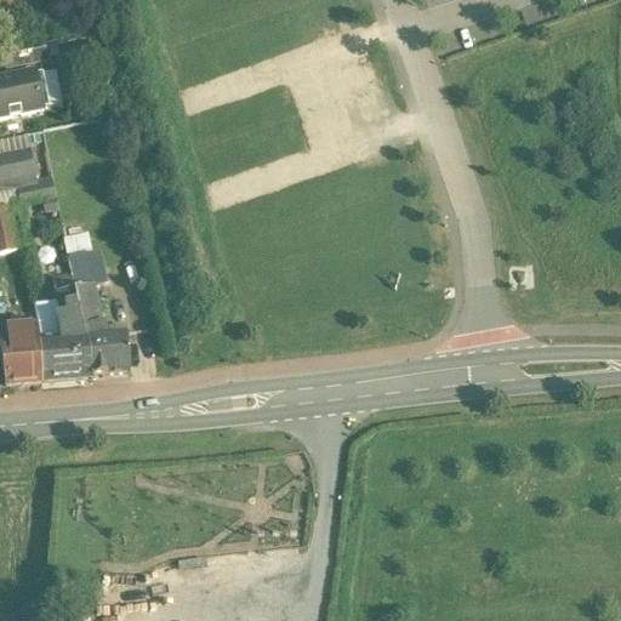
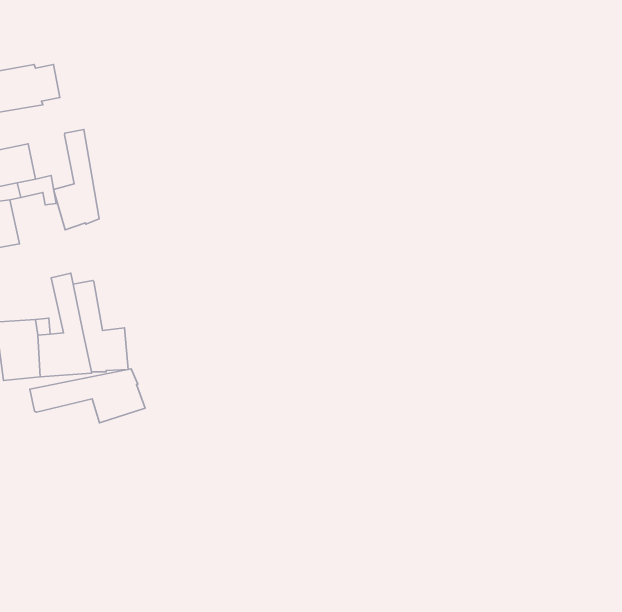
building: none -> [54,130,99,230]
building: [67,249,103,283] -> none
building: none -> [30,369,145,423]

